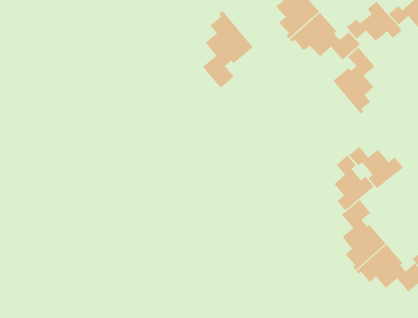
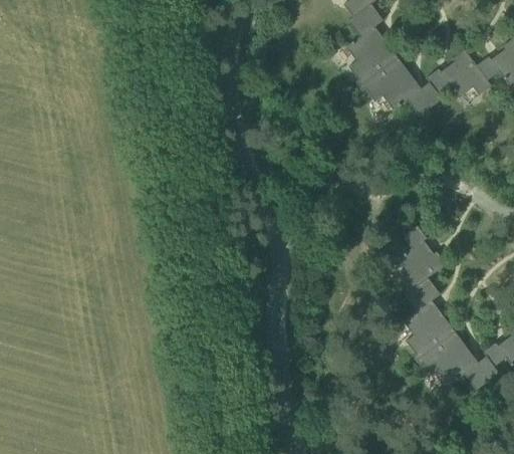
building: [202,10,254,89] -> none
building: [333,47,375,114] -> none
building: [348,146,404,189] -> none

